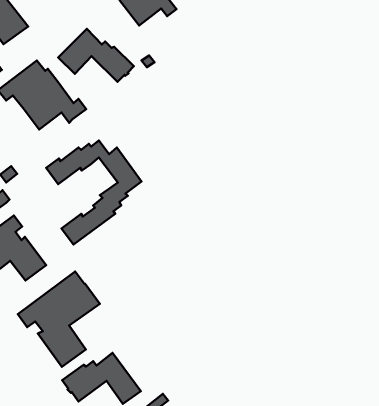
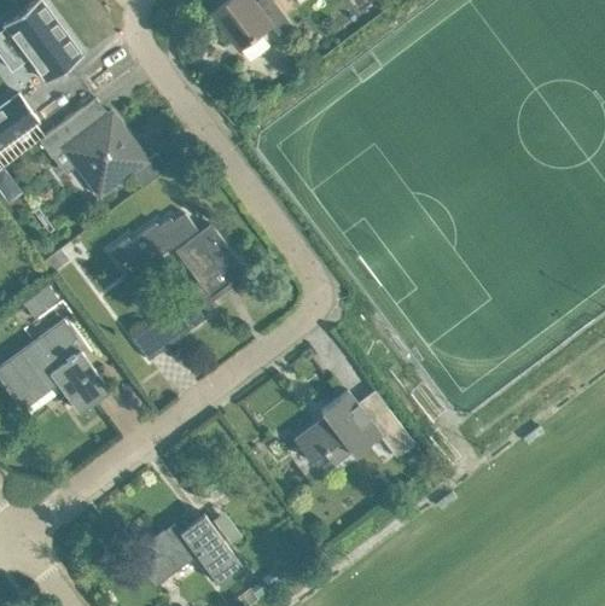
building: [58,29,134,82] -> none
building: none -> [292,391,412,462]
building: [18,271,100,367] -> none

